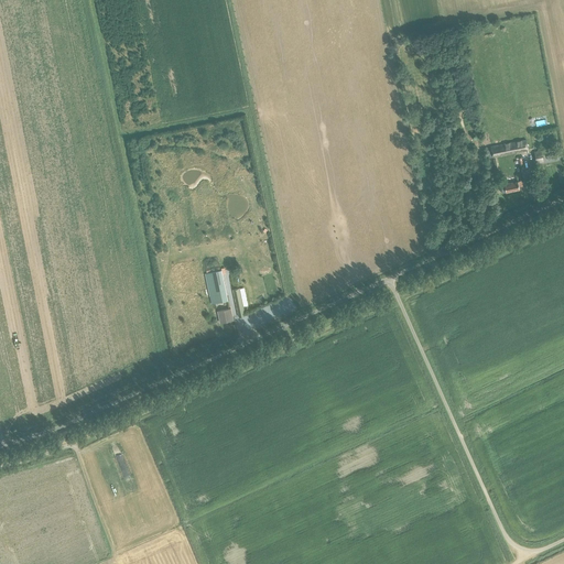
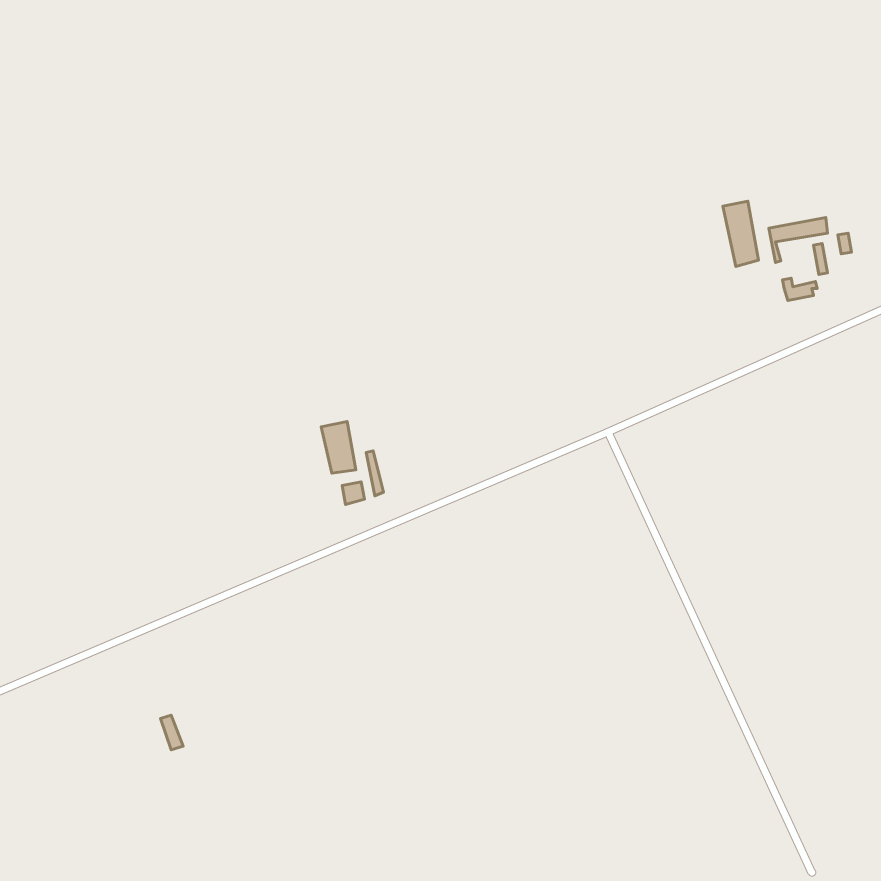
building: none -> [723,201,759,266]

